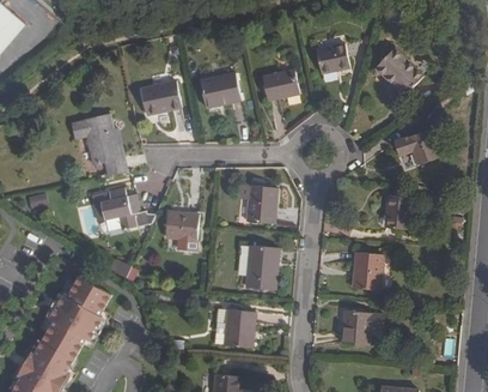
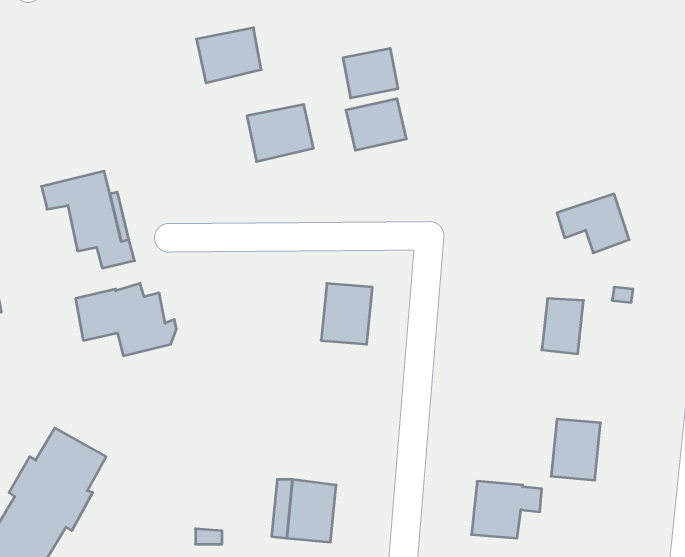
building: [315,42,349,73] -> [343,48,398,98]
building: [374,47,423,96] -> none
building: [140,80,181,115] -> [196,28,261,83]
building: [165,211,199,240] -> none
building: [245,245,279,290] -> none
building: [352,252,383,290] -> [551,419,601,480]

